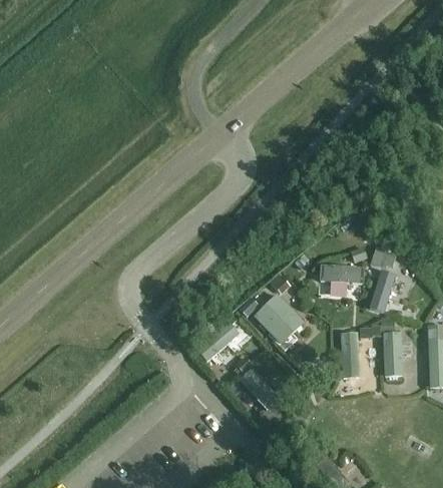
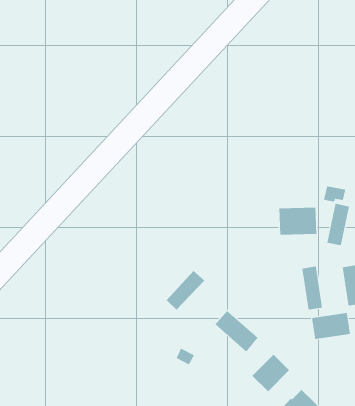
building: [256,295,304,343] -> none
building: none -> [312,312,350,340]
building: none -> [252,354,290,392]

